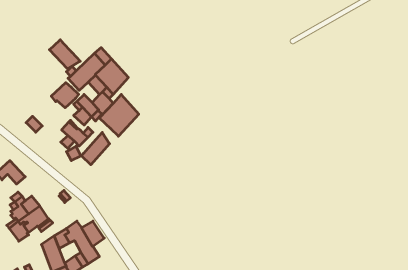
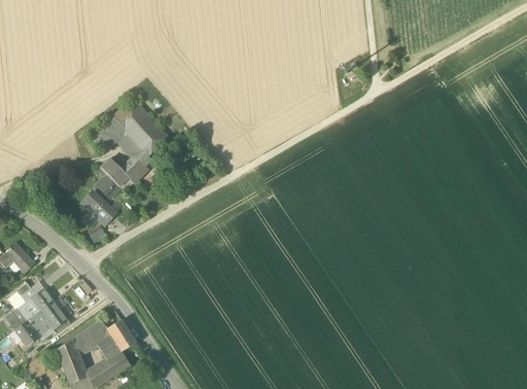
building: [49,40,80,69] -> none
building: [51,83,79,108] -> none
building: [100,94,139,136] -> none
building: [81,132,110,165] -> none

